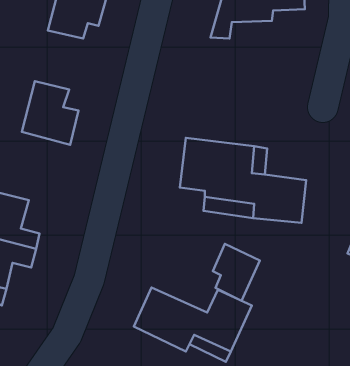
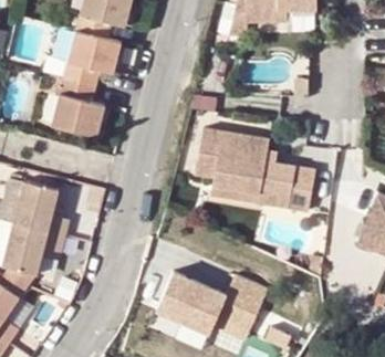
building: none -> [64,31,121,86]
building: [213,244,260,301] -> none

